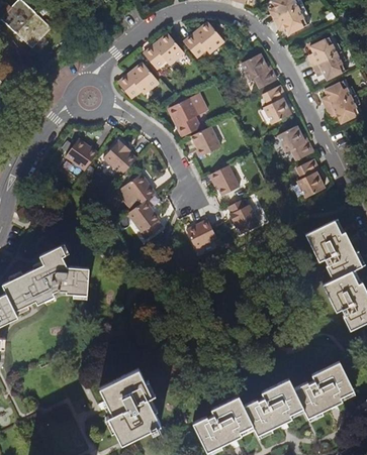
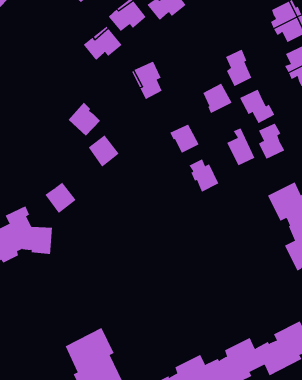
building: [241,54,276,90] -> none
building: [191,127,221,158] -> [203,83,232,114]
building: [65,139,97,172] -> none
building: none -> [226,128,255,166]
building: [127,201,160,233] -> [45,182,76,214]
building: [186,220,217,250] -> none

